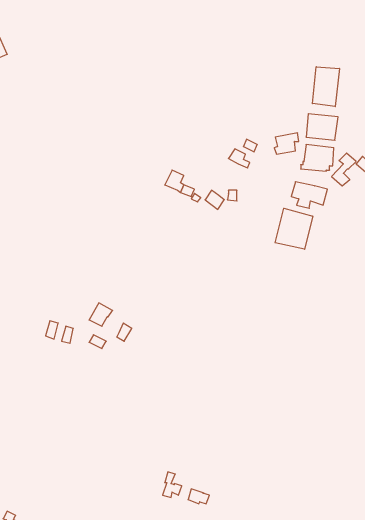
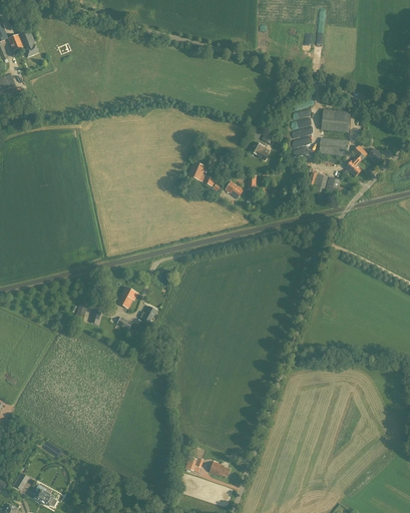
building: [312,67,339,107] -> none
building: [275,208,313,249] -> none

